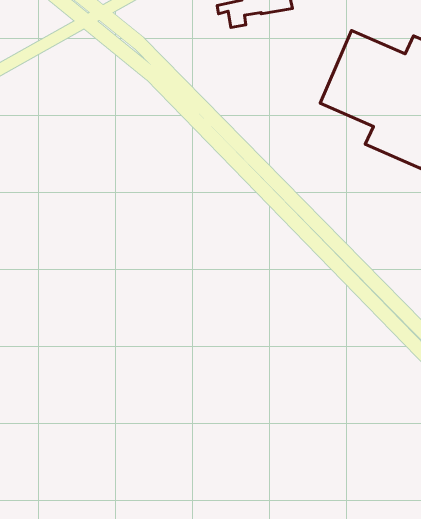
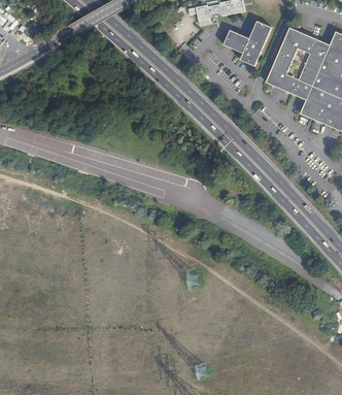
building: none -> [223,21,271,65]

